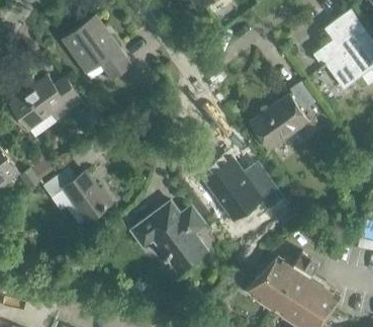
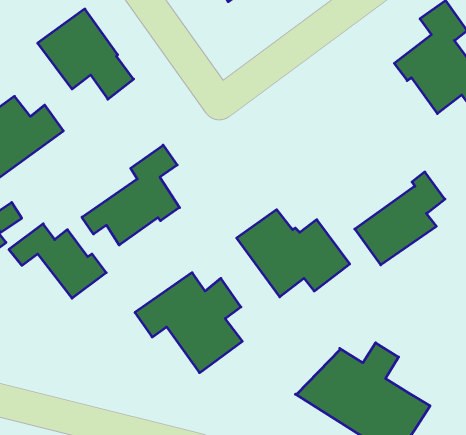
building: [251,83,314,149] -> [355,172,445,265]
building: none -> [82,145,180,245]

